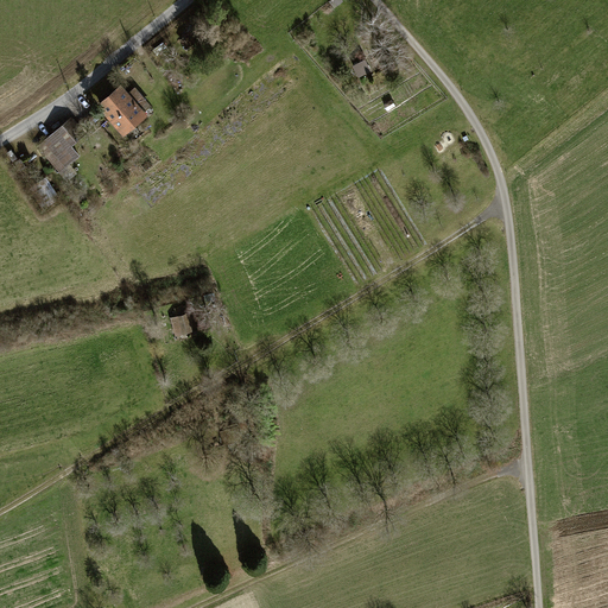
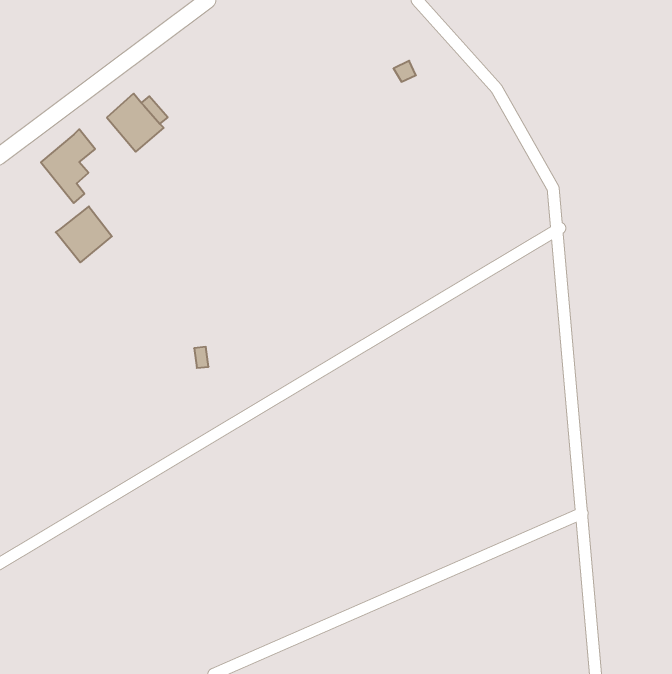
building: none -> [56,206,112,262]

